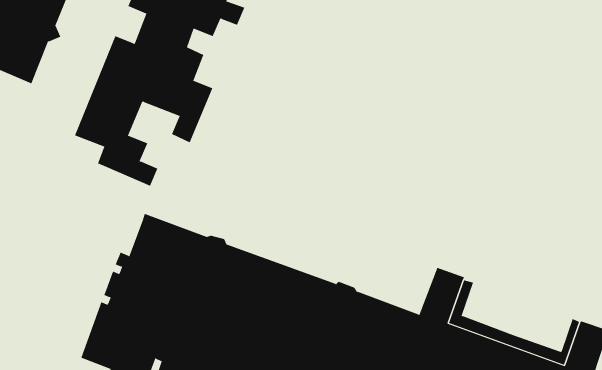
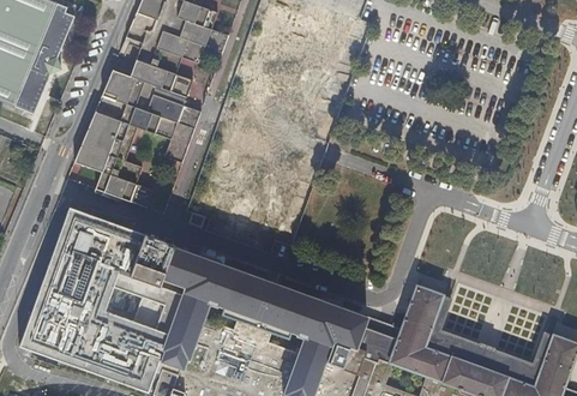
building: none -> [19,217,139,370]

